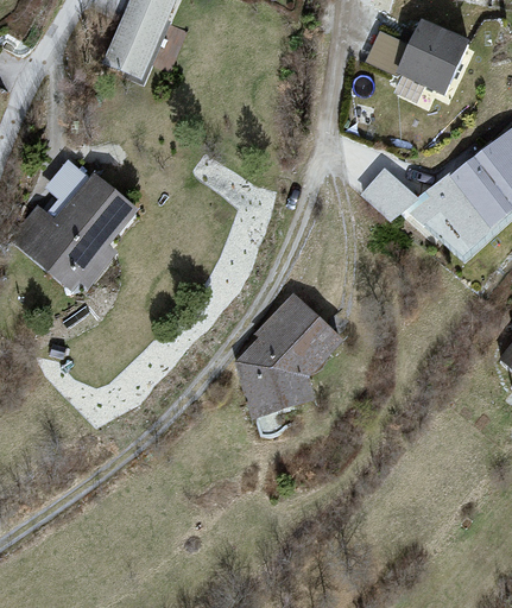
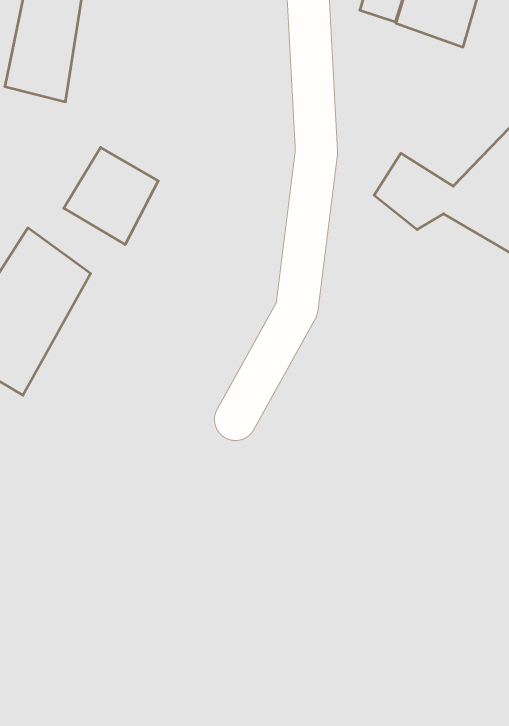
building: none -> [64,147,158,245]
building: [235,294,342,418] -> none

